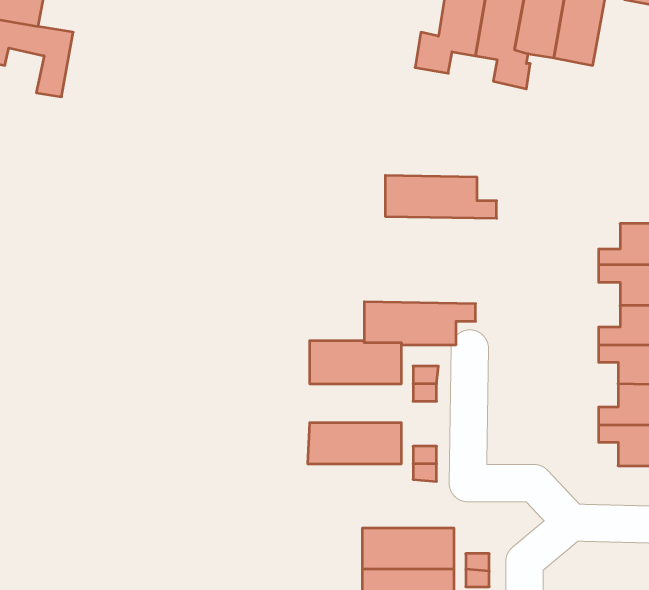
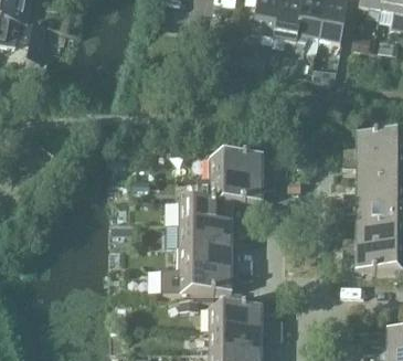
building: [385,175,497,218] -> [212,153,275,178]
building: none -> [181,223,233,245]
building: none -> [180,268,233,291]

